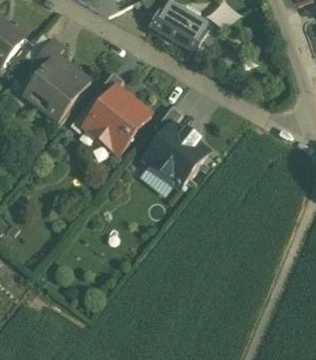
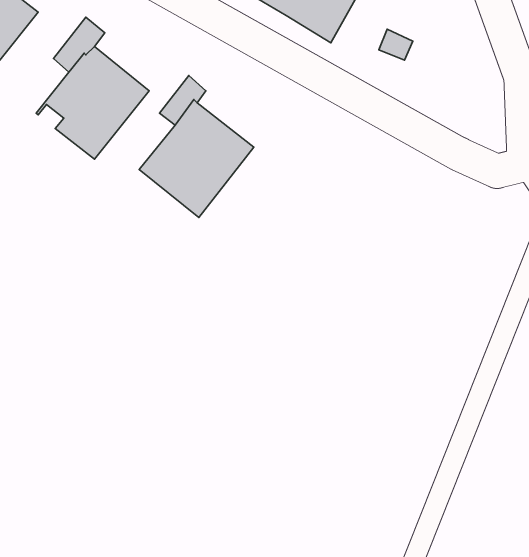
building: [141,121,211,191] -> none

